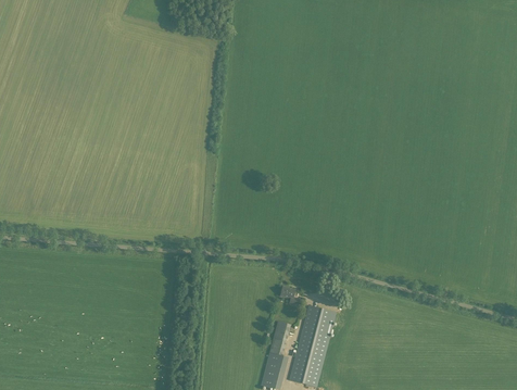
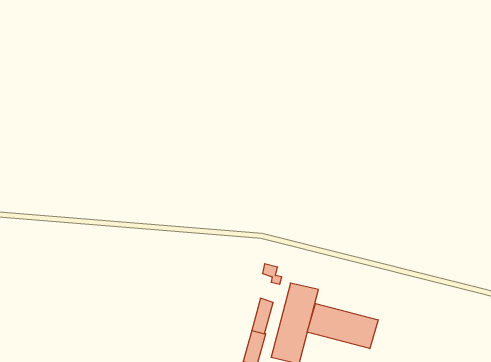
building: none -> [307,303,378,349]

